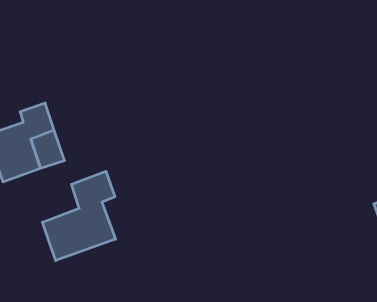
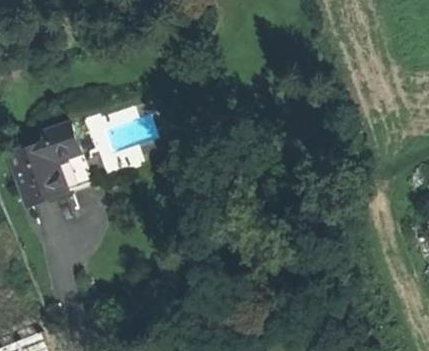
building: [42,171,116,261] -> none

